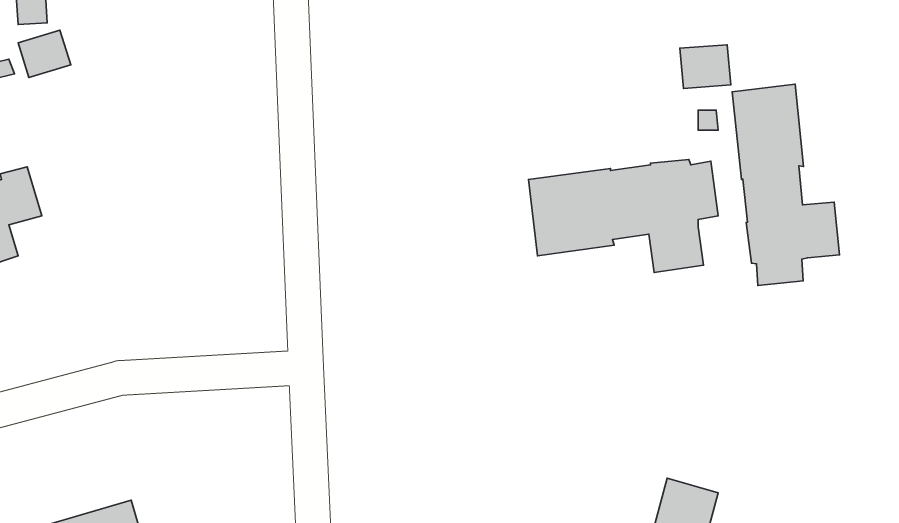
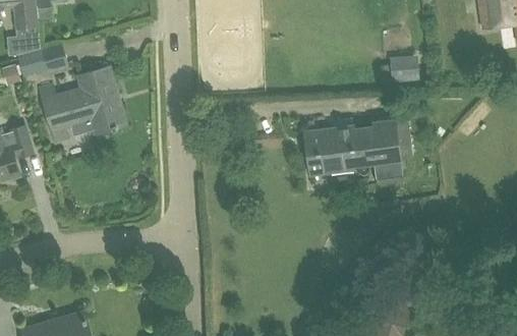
building: none -> [40,66,125,141]
building: [732,84,839,286] -> none

